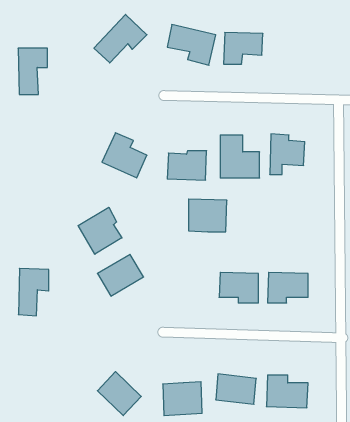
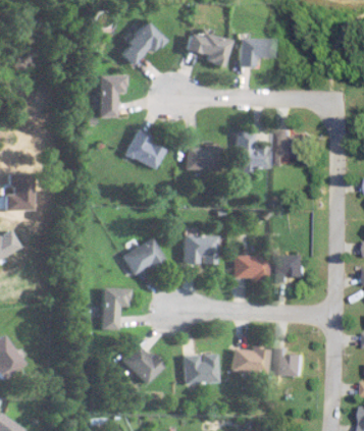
building: [18,48,47,94] -> [101,75,127,117]
building: [189,199,227,232] -> [183,234,217,264]
building: [78,207,122,254] -> none
building: [18,268,49,316] -> [102,287,129,330]

